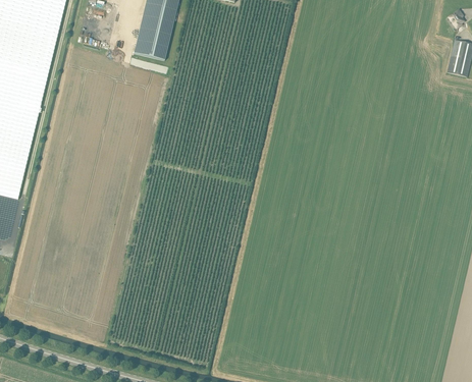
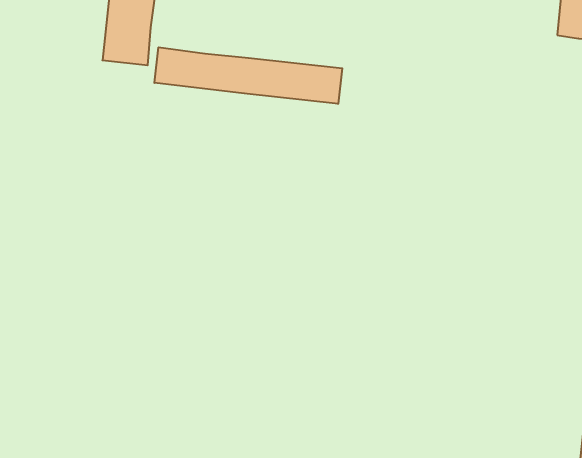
building: none -> [154,47,342,104]

